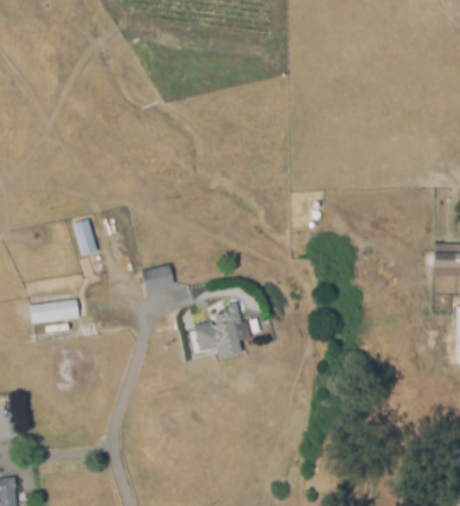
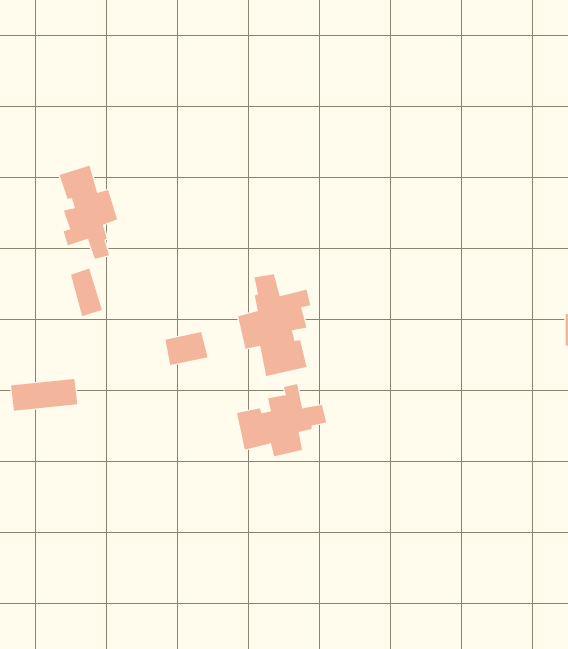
building: none -> [59,165,118,259]
building: none -> [238,273,311,377]

